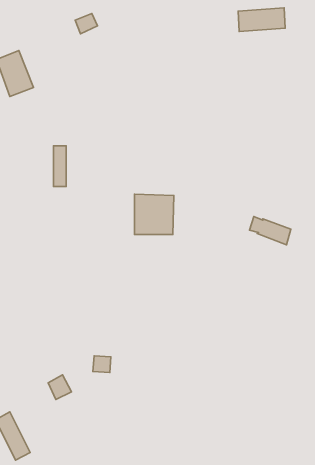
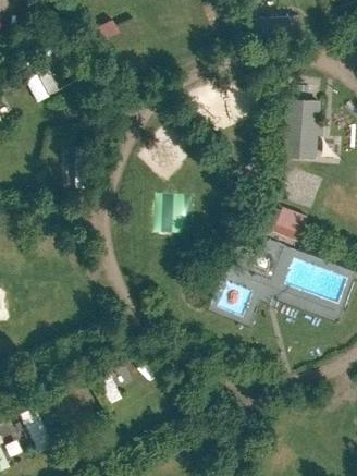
building: none -> [284,99,322,159]

